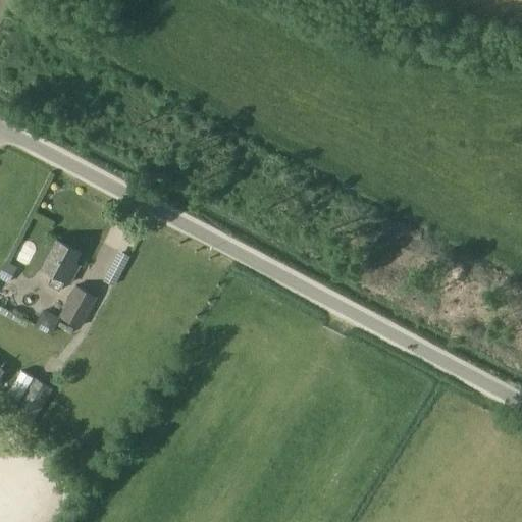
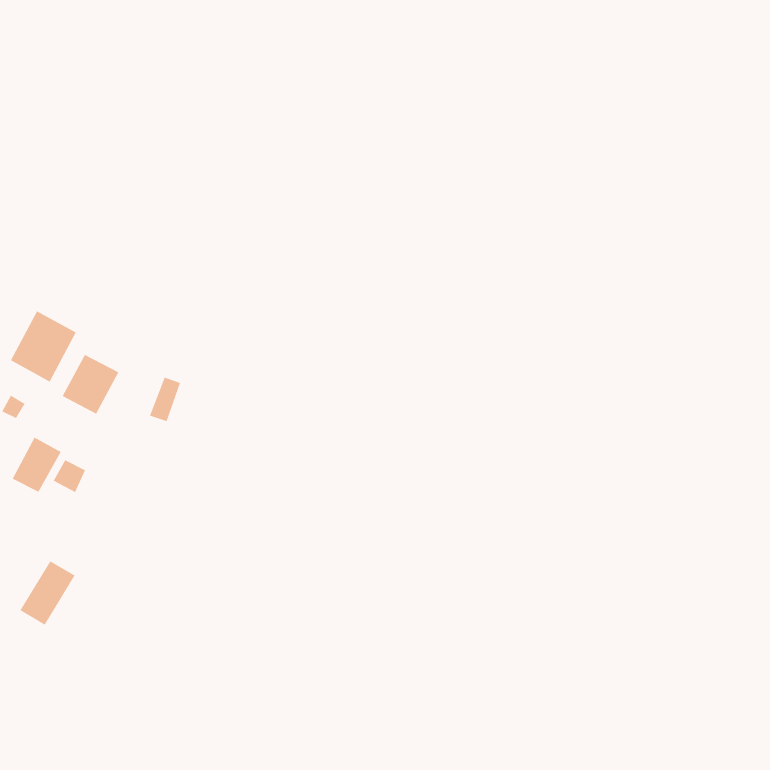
building: none -> [10,310,77,382]
building: [61,286,95,324] -> [12,437,61,493]

